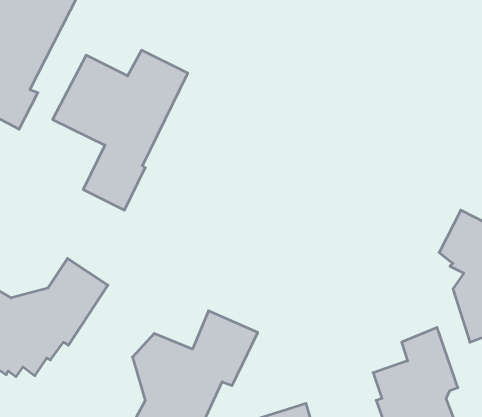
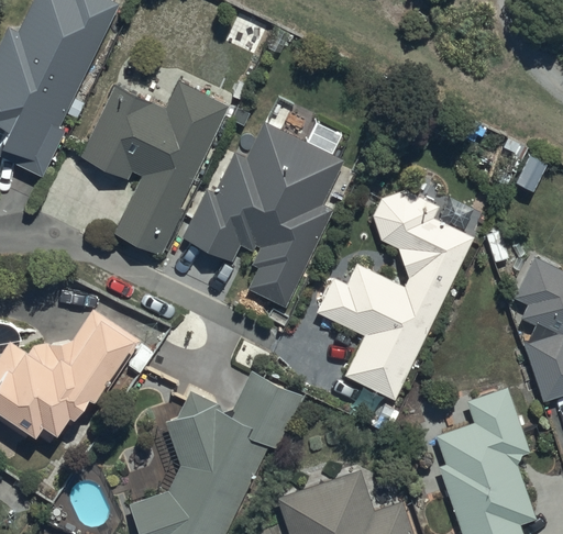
building: none -> [184,118,345,304]
building: none -> [314,192,476,402]

